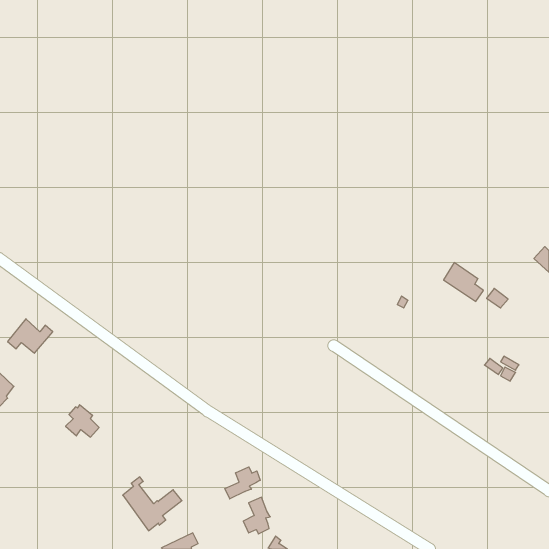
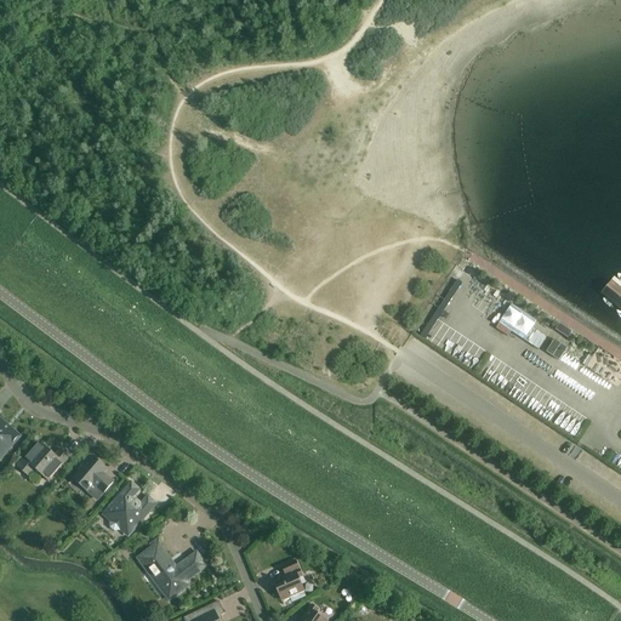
building: [8,319,53,353] -> [17,441,68,480]
building: none -> [103,483,154,535]
building: [225,467,260,499] -> none

